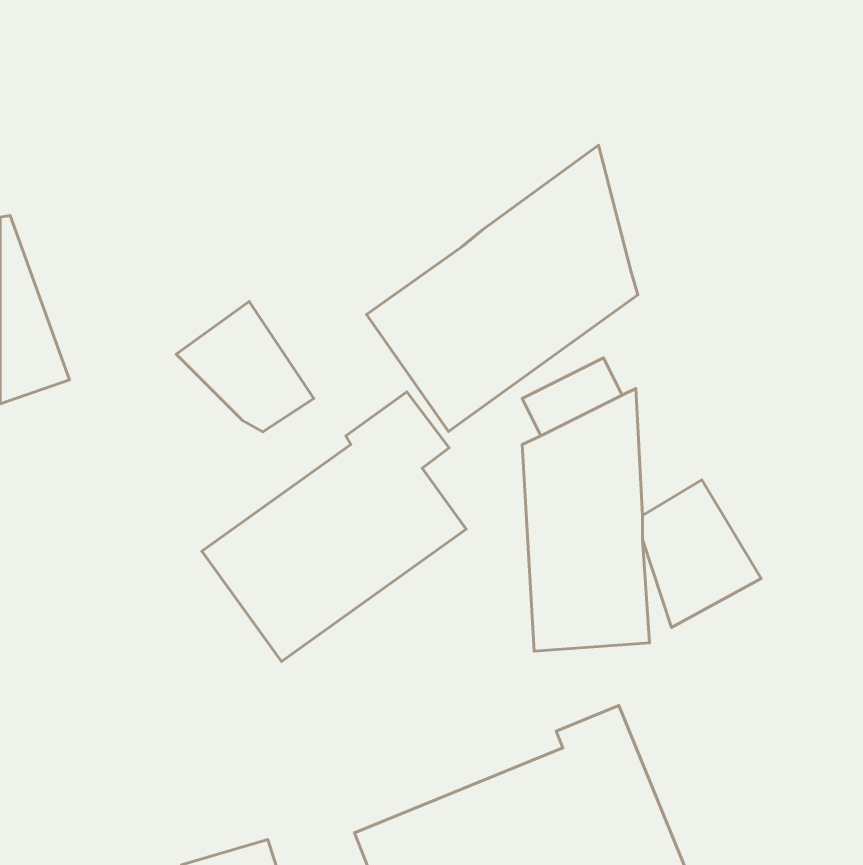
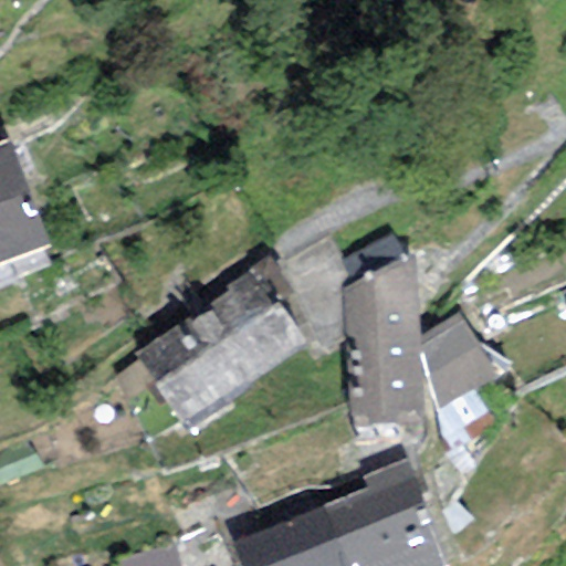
building: [367,145,638,432] -> none
building: [176,301,314,432] -> none

